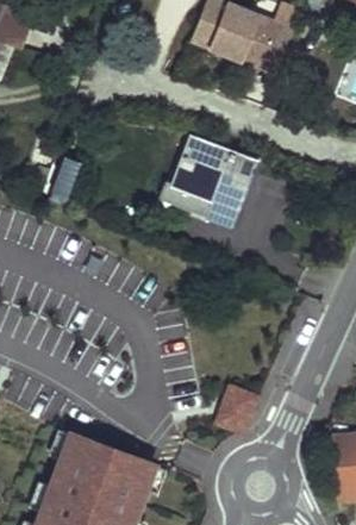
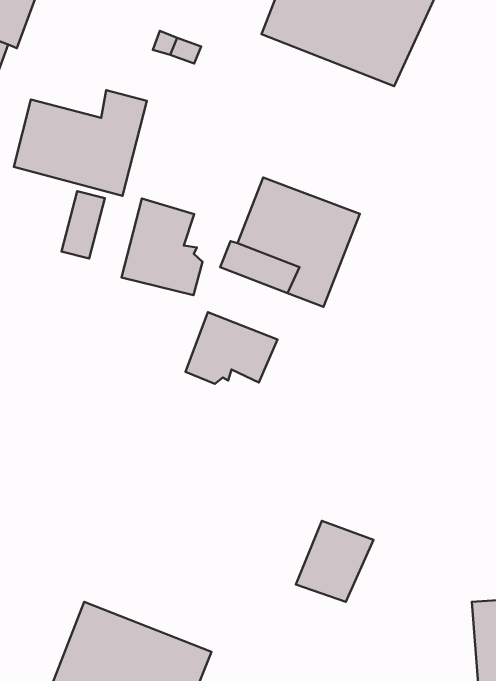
building: none -> [14,90,147,196]
building: none -> [122,198,203,295]
building: none -> [186,312,278,384]

